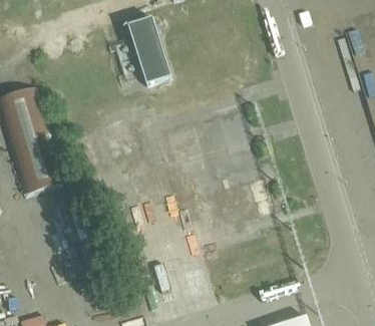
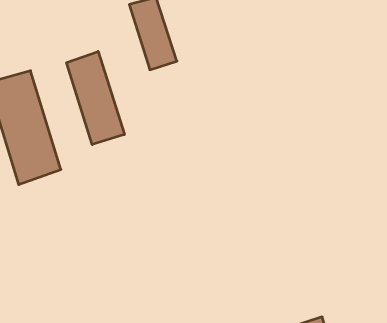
building: none -> [67,51,124,145]

